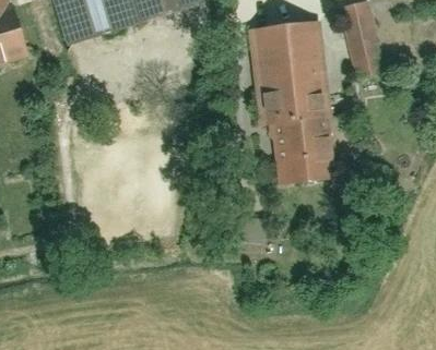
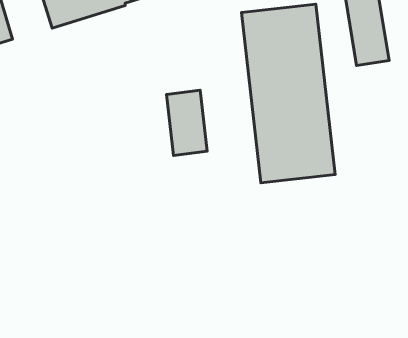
building: none -> [167,90,207,155]

